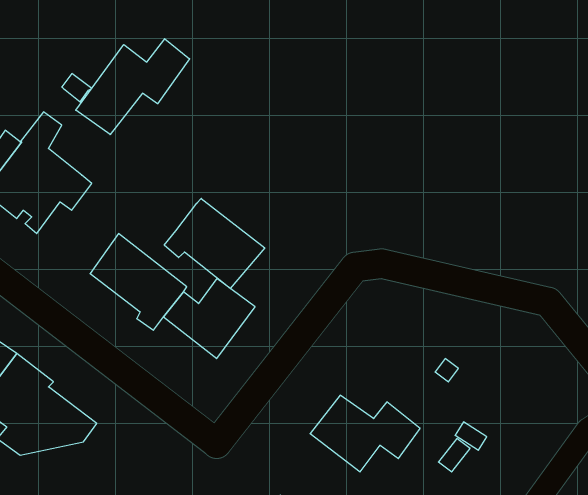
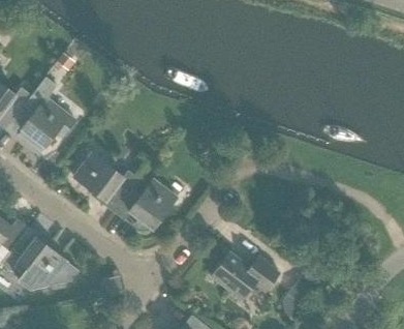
building: [76,39,190,135] -> none
building: [164,198,265,289] -> none

